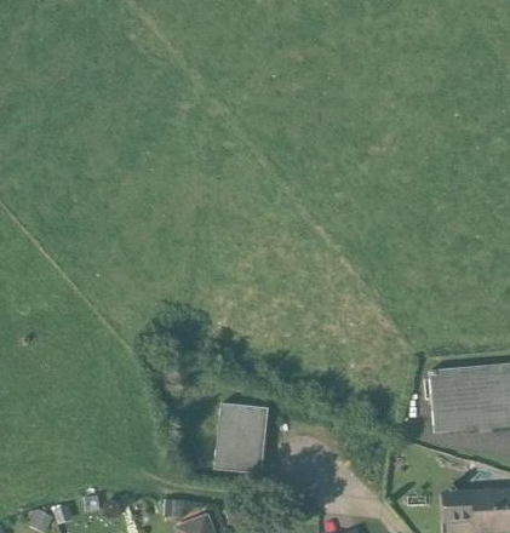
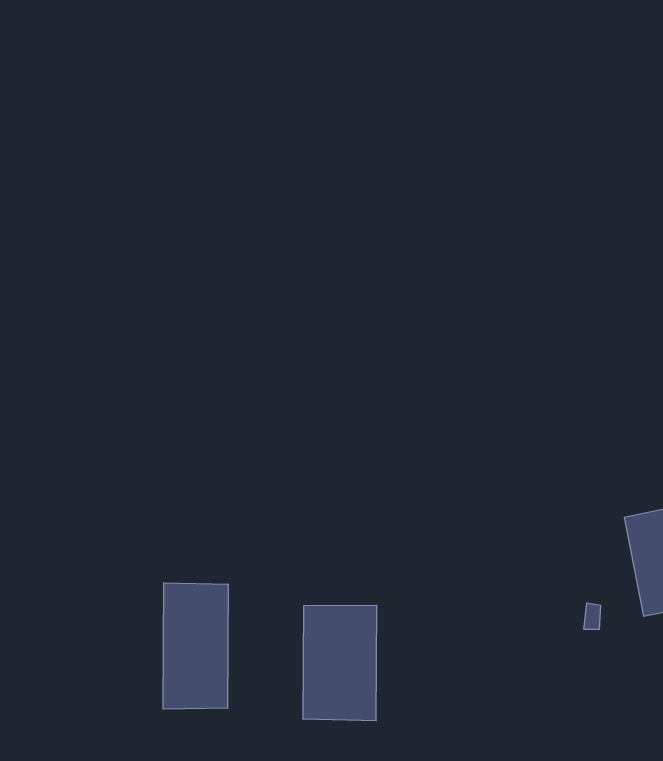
building: none -> [163,583,228,709]

